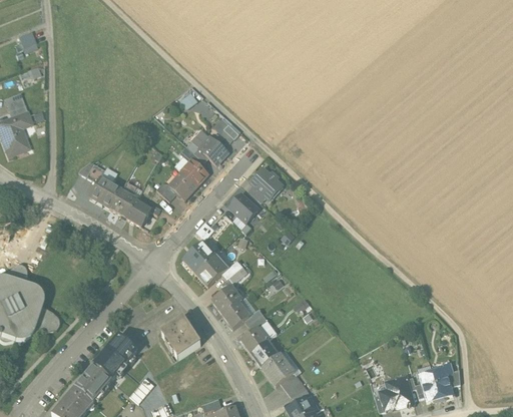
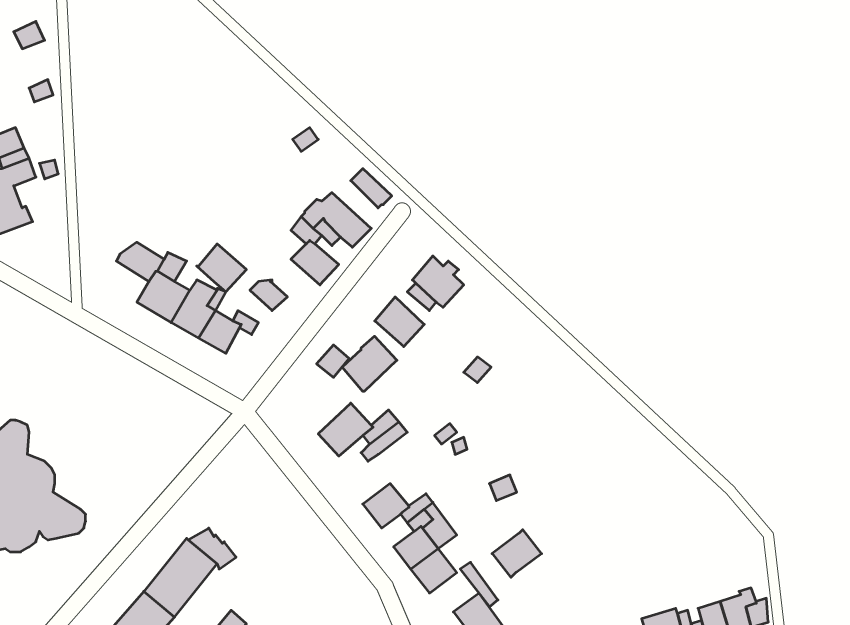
building: [167,170,196,198] -> [197,244,246,292]
building: [182,241,214,273] -> [342,336,397,391]
building: [210,285,241,314] -> none
building: [160,318,199,358] -> none
building: [261,352,290,380] -> [492,530,542,577]

